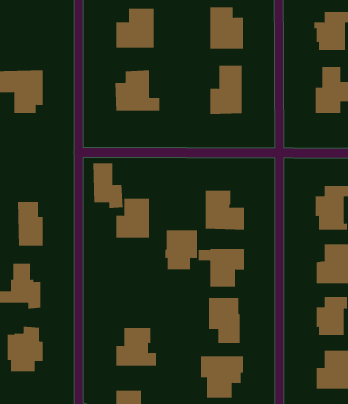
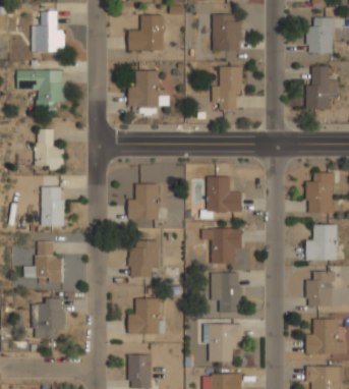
building: none -> [32,11,64,51]
building: [92,163,123,209] -> [36,129,63,170]
building: [165,230,198,270] -> [128,240,158,276]

